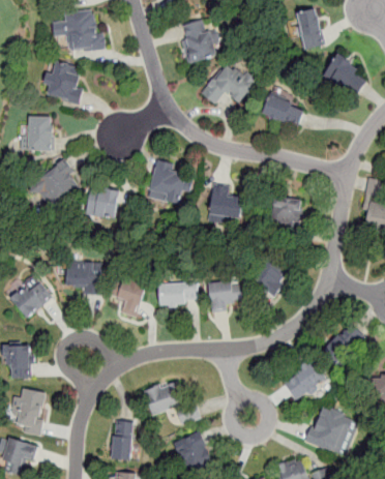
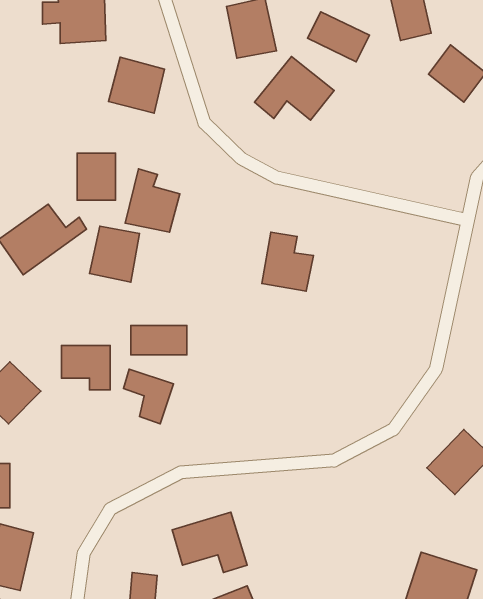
building: [42,63,82,102] -> [108,57,164,113]
building: [262,93,305,128] -> [307,12,369,62]
building: [28,117,55,150] -> [77,153,115,200]
building: [148,157,186,202] -> [125,169,180,232]
building: [269,196,304,230] -> none
building: [251,252,288,296] -> none
building: [208,281,239,312] -> none
building: [159,283,199,304] -> [131,325,187,355]
building: [283,359,328,401] -> none

